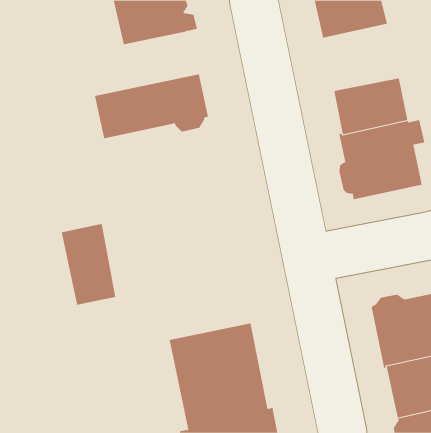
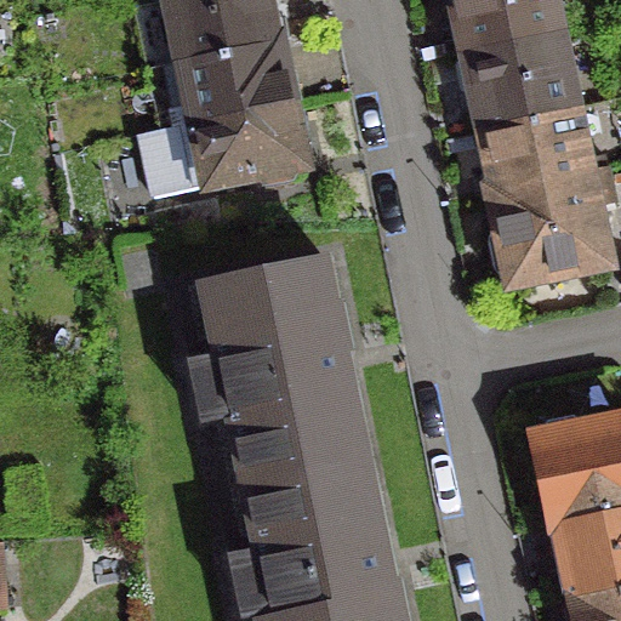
building: none -> [455,34,575,130]
building: none -> [169,44,289,130]
building: none -> [204,262,363,486]
building: [61,224,116,305] -> none

